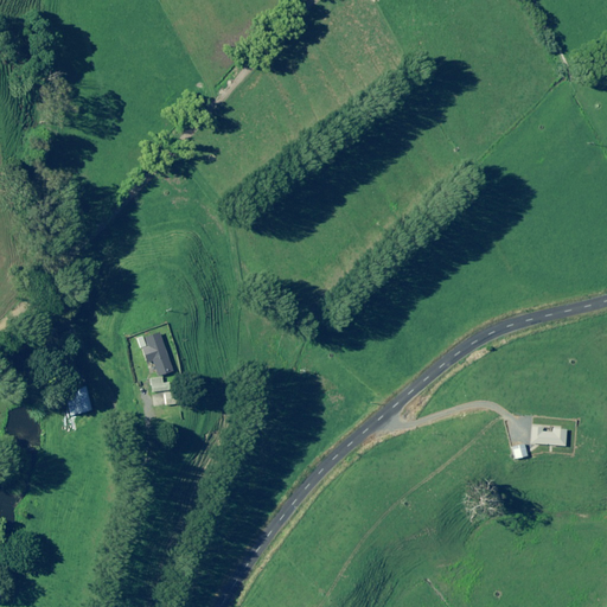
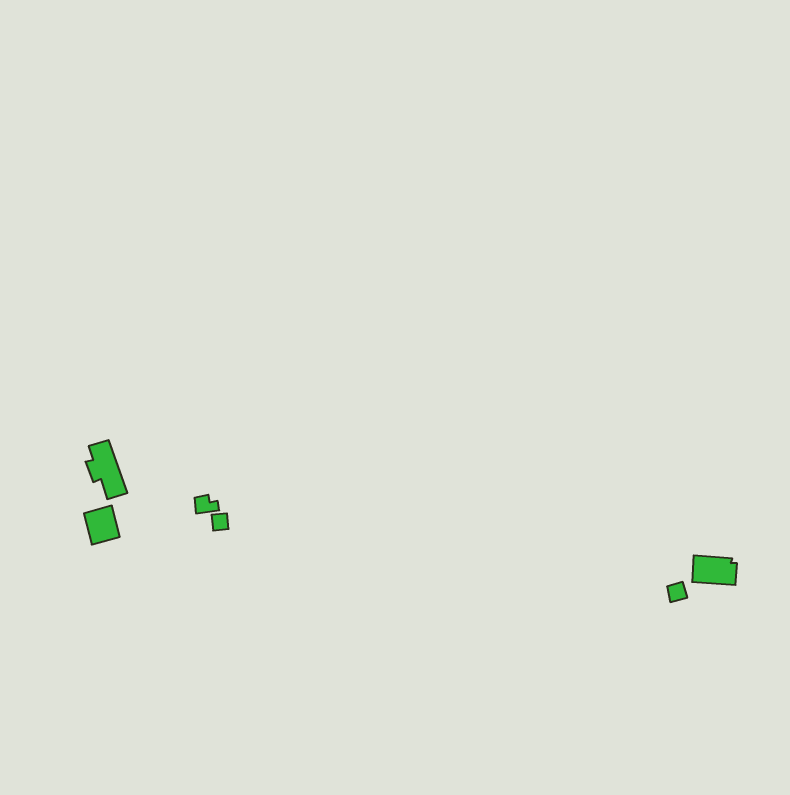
building: [141,331,173,376] -> [85,440,127,499]

